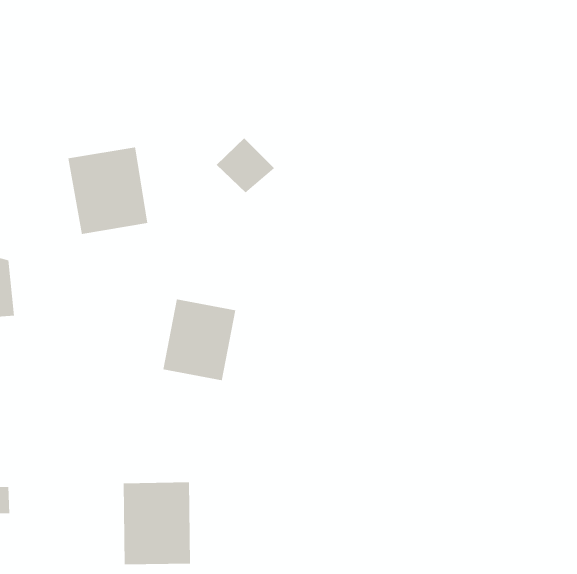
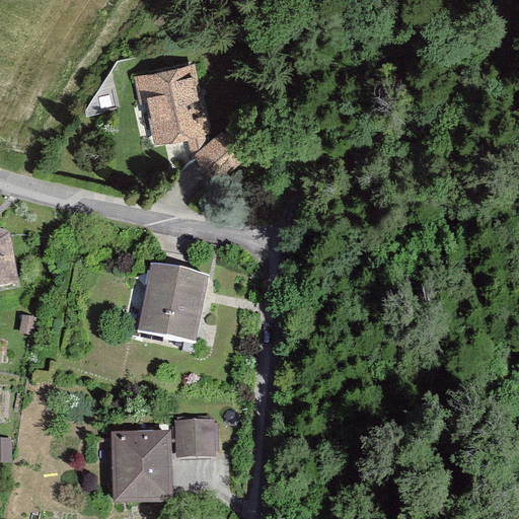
building: [68,147,148,234] -> [135,62,207,140]
building: none -> [172,416,213,455]

